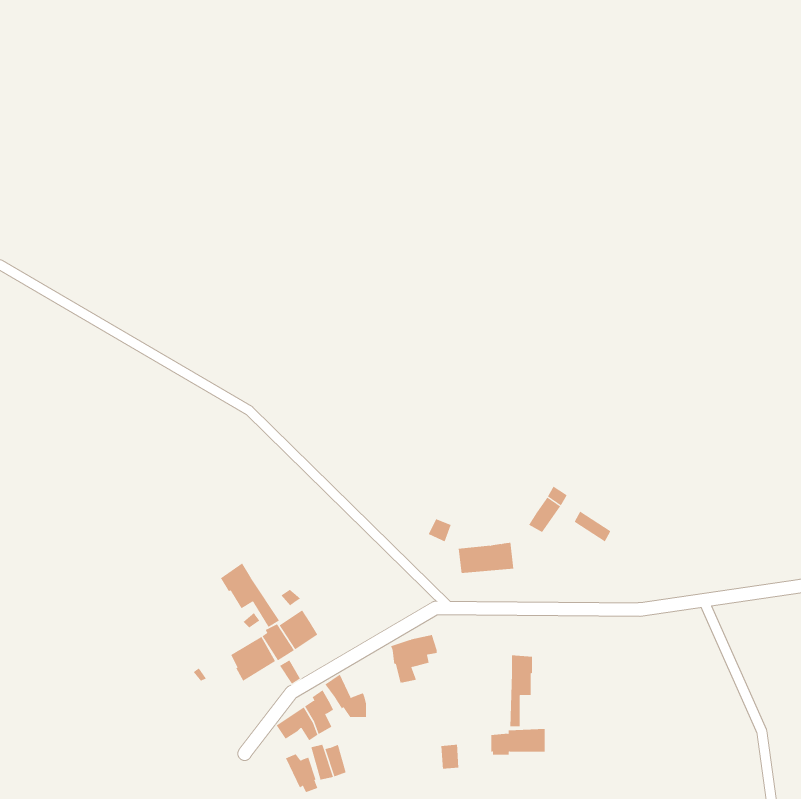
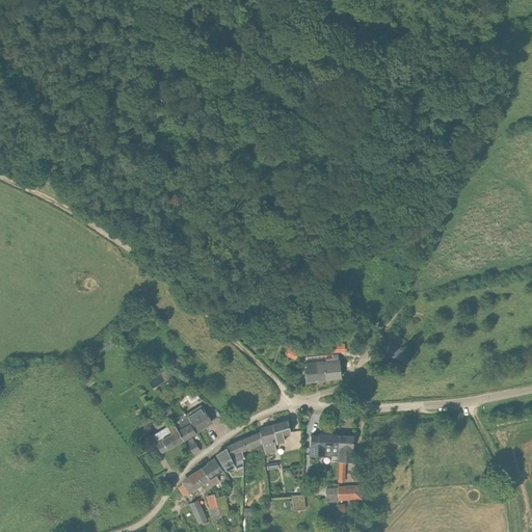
building: [220,563,280,628] -> none
building: none -> [225,431,261,462]
building: none -> [310,433,339,455]

